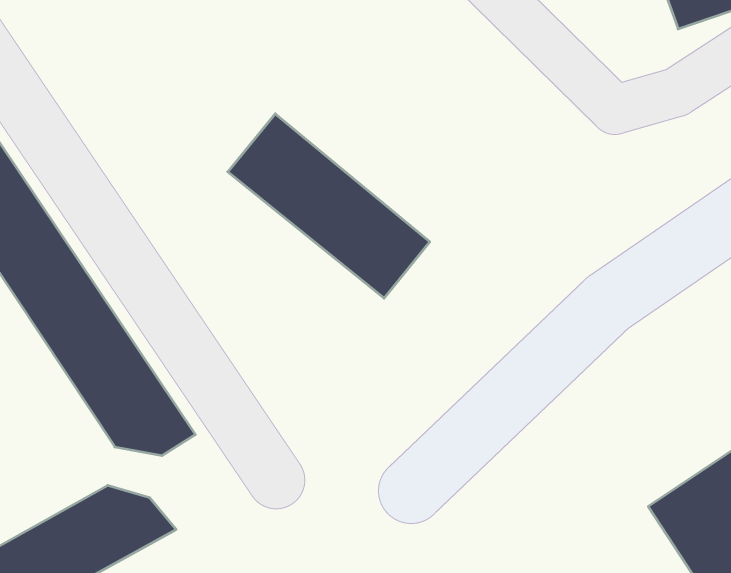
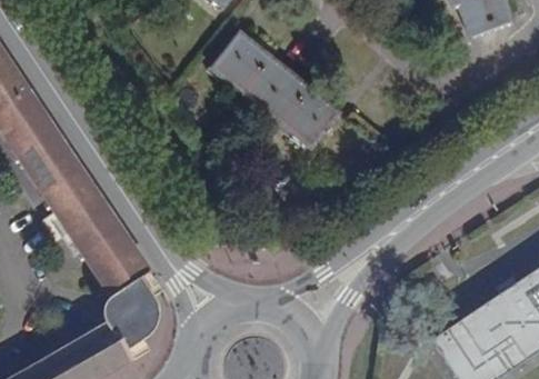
building: [228,114,430,298] -> [209,29,337,146]
building: none -> [106,289,163,349]

